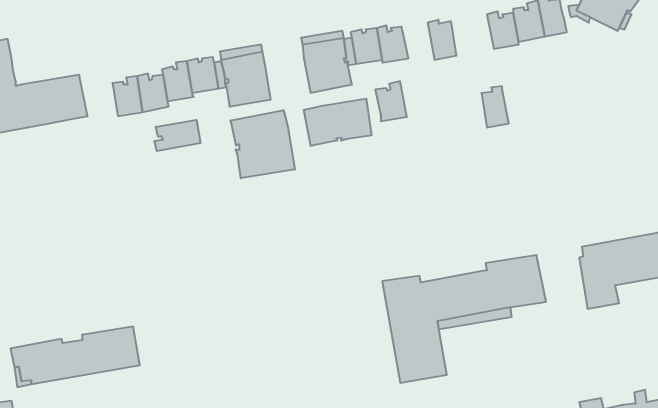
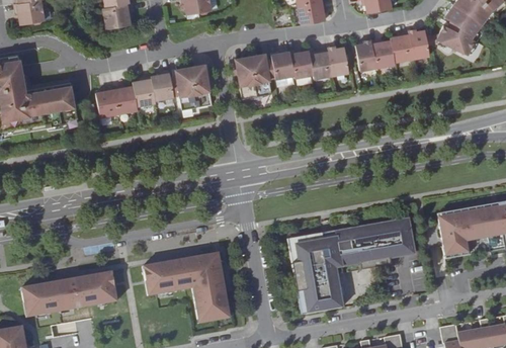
building: [375,81,407,121] -> [310,49,333,78]
building: [481,86,509,128] -> [356,39,376,70]
building: [304,99,371,146] -> none
building: [230,110,295,178] -> none
building: [154,120,200,151] -> none
building: none -> [288,225,371,314]
building: none -> [143,252,228,320]

